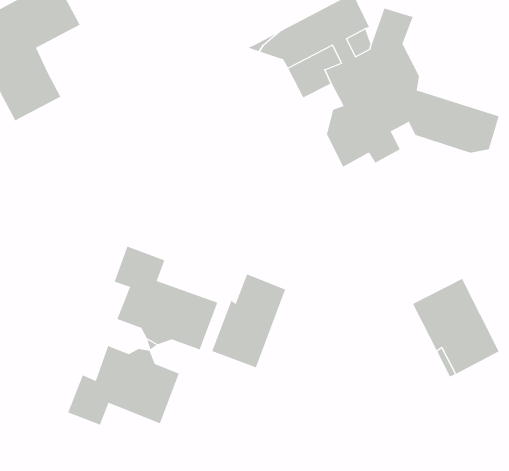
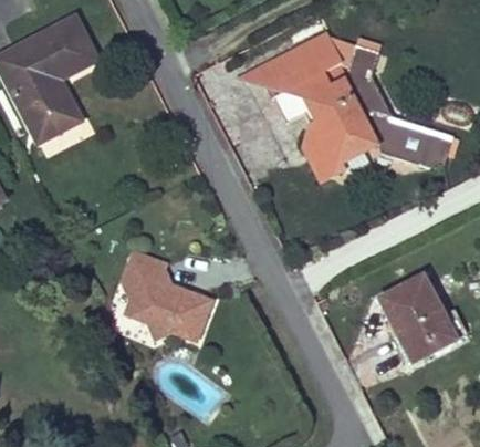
building: [212,274,286,368] -> none
building: [67,345,179,426] -> none

